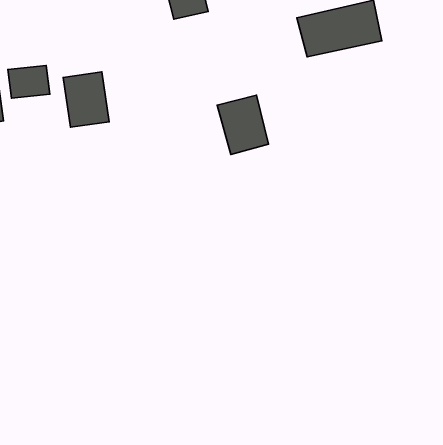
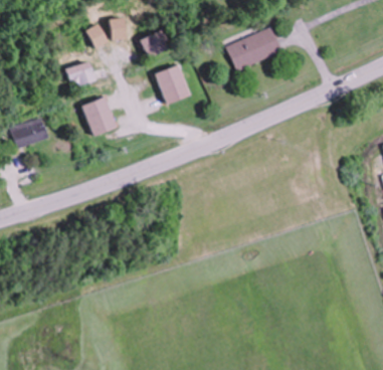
building: [8,65,50,98] -> [65,62,94,86]
building: [217,95,268,154] -> [154,64,190,105]

